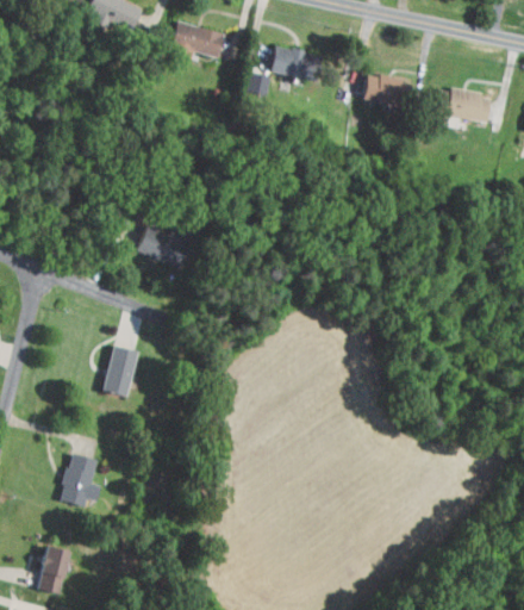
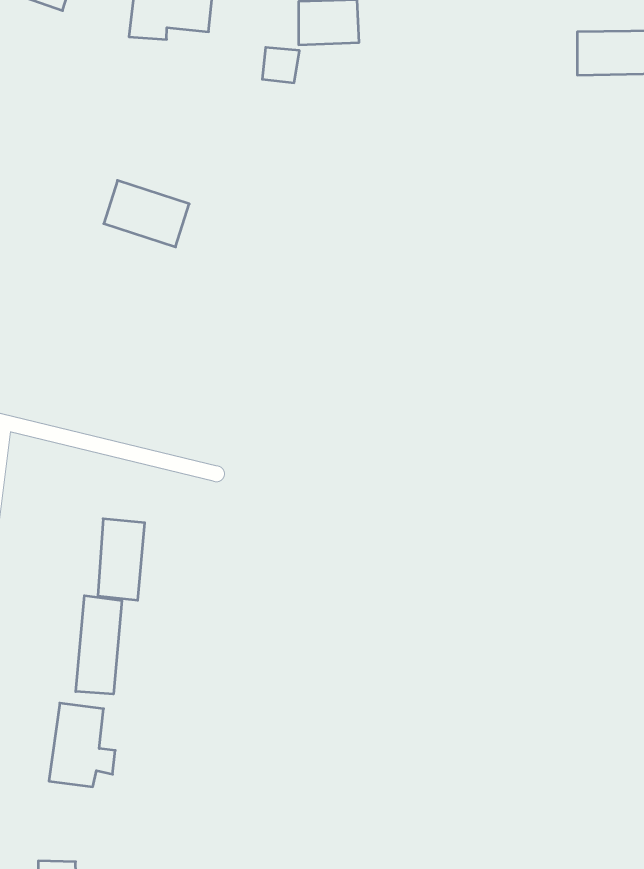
building: [363,73,401,105] -> none
building: [136,226,189,272] -> [104,180,189,247]
building: none -> [76,596,122,694]

